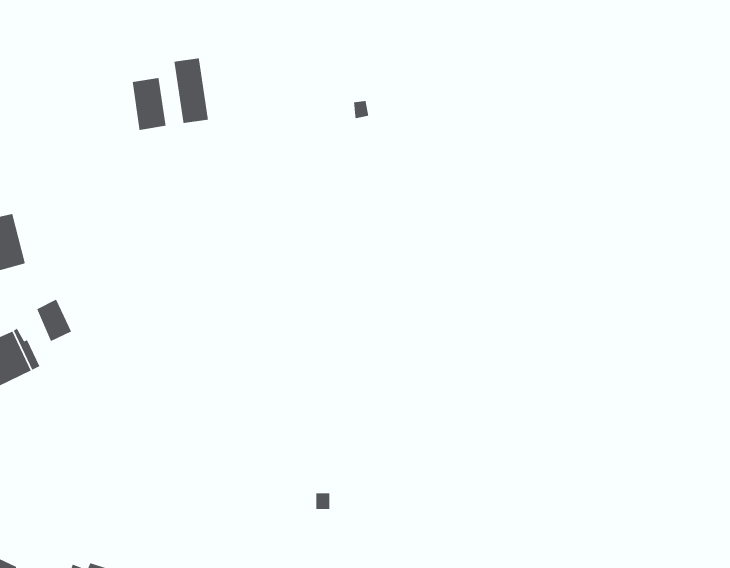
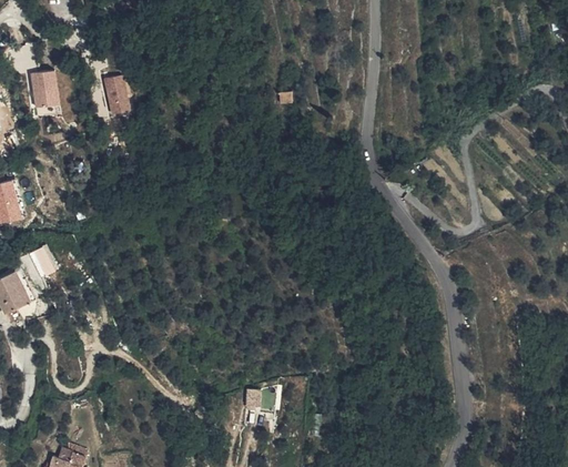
building: [173,58,209,124] -> none
building: none -> [32,71,60,109]

